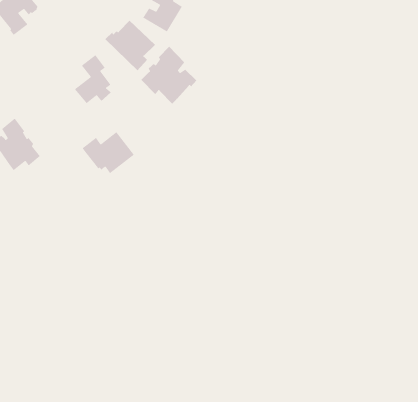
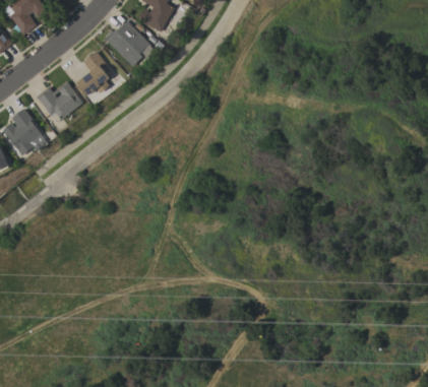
building: [140,46,197,104] -> none
building: [81,131,135,174] -> [36,81,83,120]

